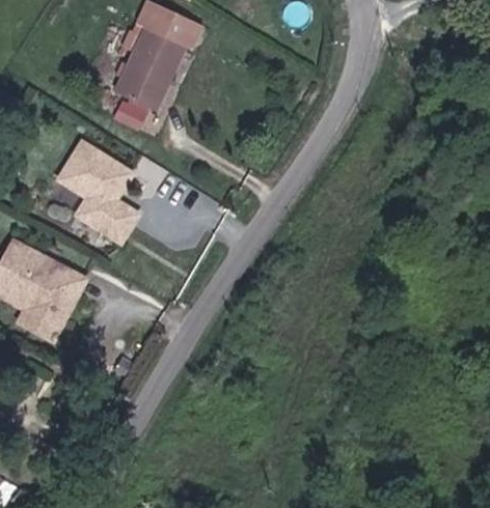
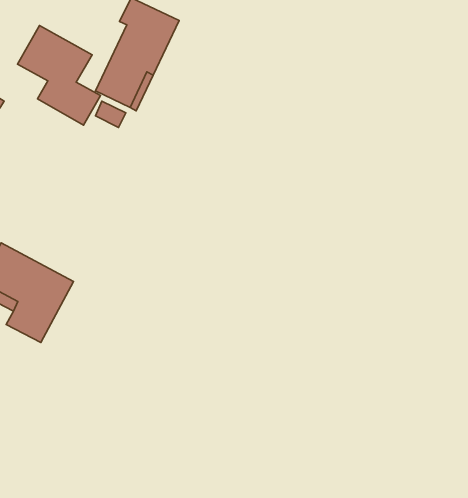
building: [59,142,141,241] -> [18,25,100,125]

